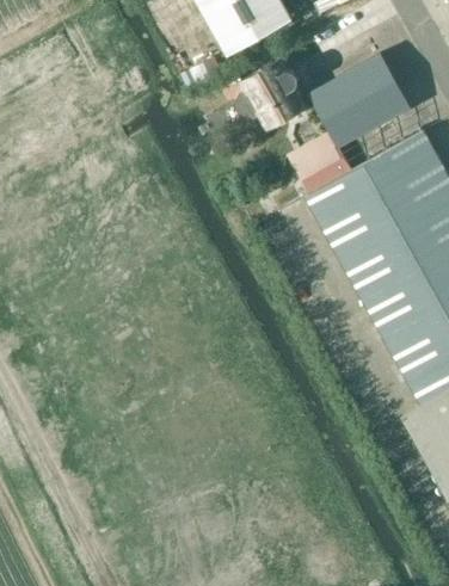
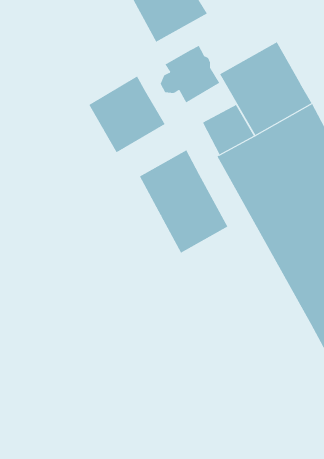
building: none -> [88,76,165,153]
building: none -> [139,150,228,253]

